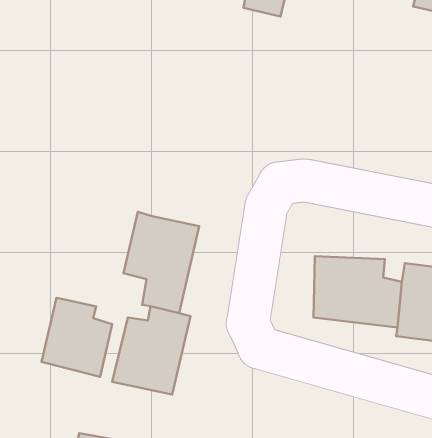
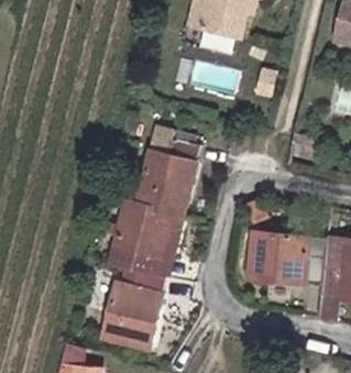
building: none -> [133,136,196,211]
building: [41,298,112,377] -> none

